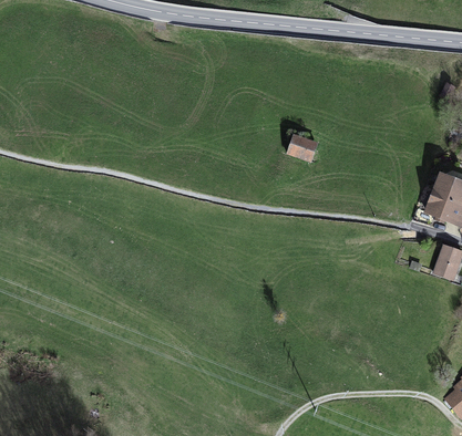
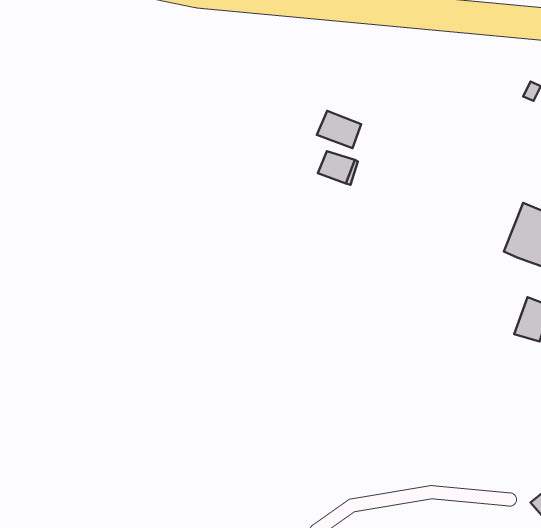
building: none -> [317,111,361,148]

